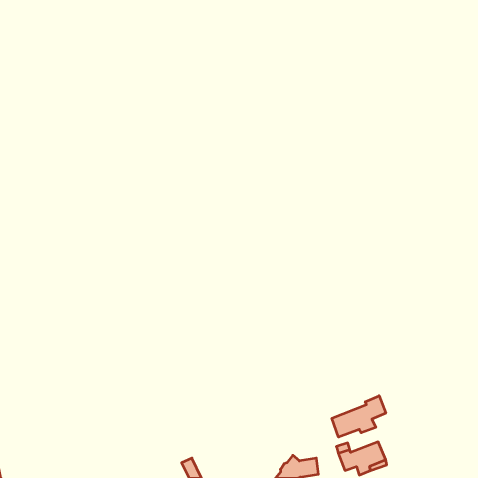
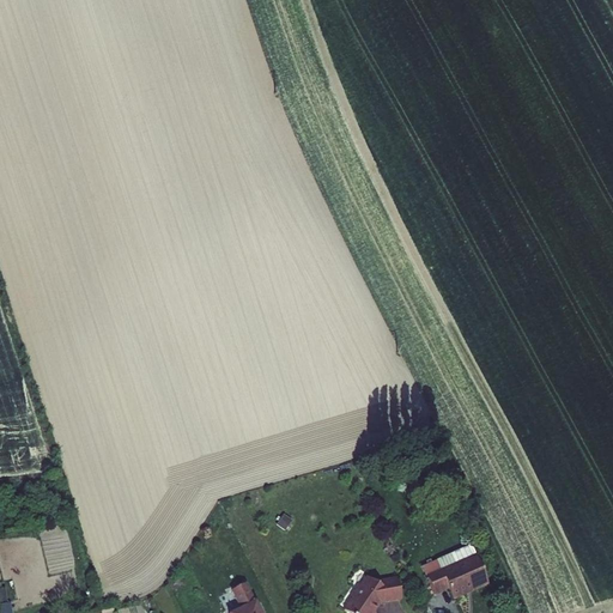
building: [332,396,386,437] -> none

